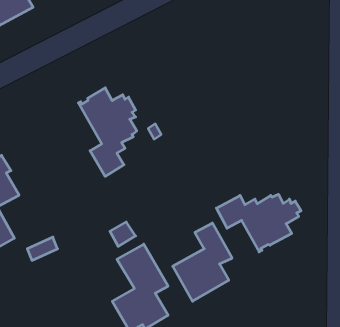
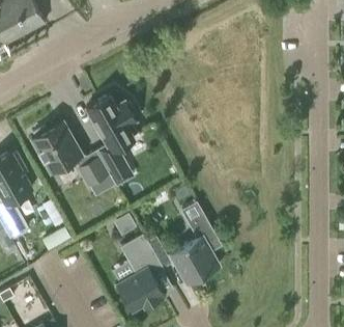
building: none -> [31,125,110,186]
building: [216,194,301,252] -> none

